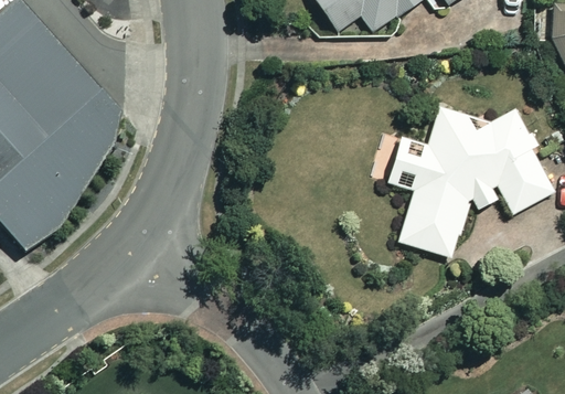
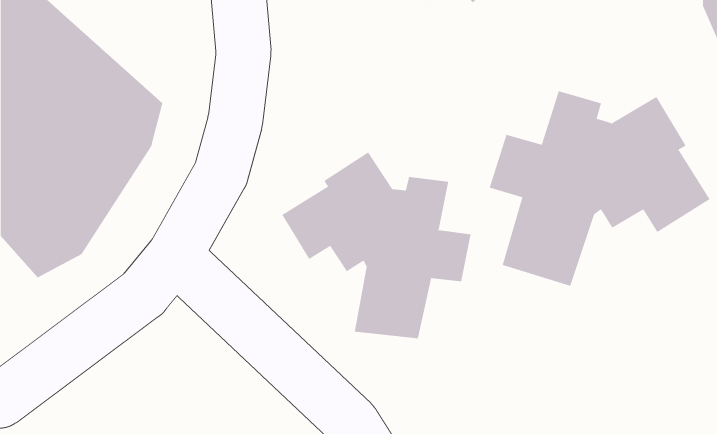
building: none -> [281,152,471,339]

